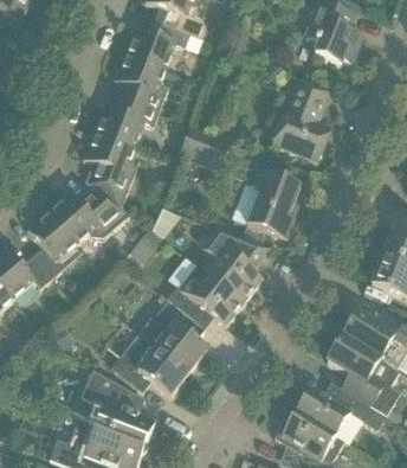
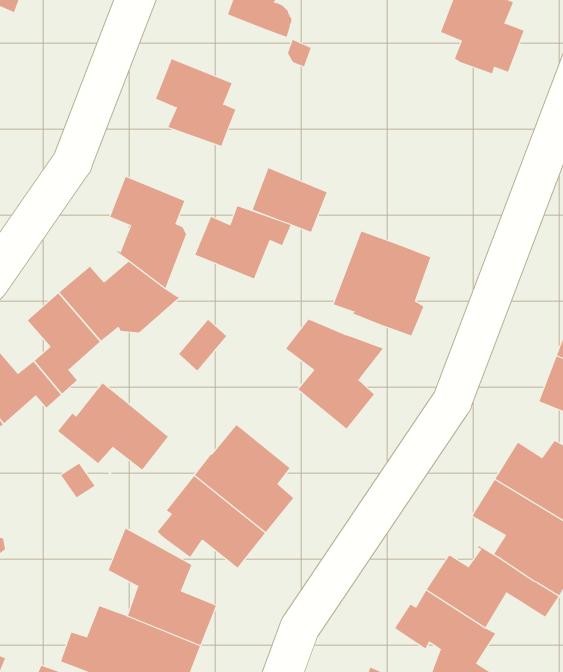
building: [124,24,189,70] -> none
building: [273,79,331,164] -> none
building: [93,100,159,149] -> [195,205,291,279]
building: [167,267,243,329] -> [56,382,169,476]

